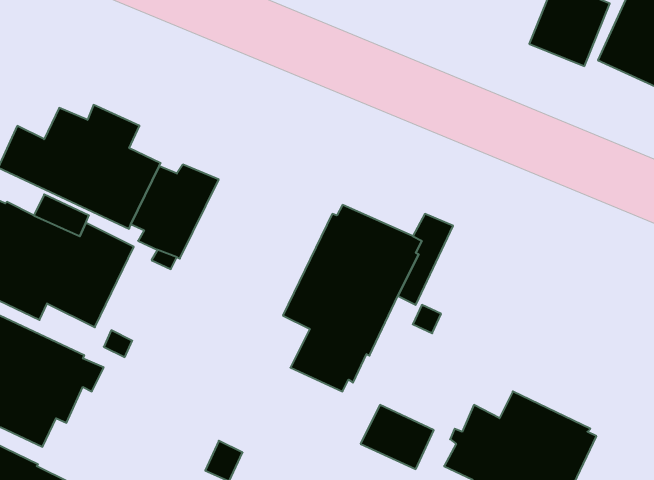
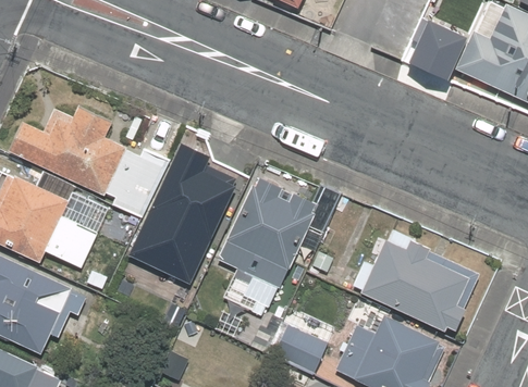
building: none -> [128,143,238,285]
building: none -> [353,239,481,332]

